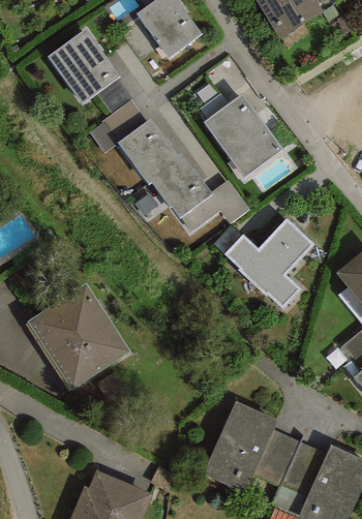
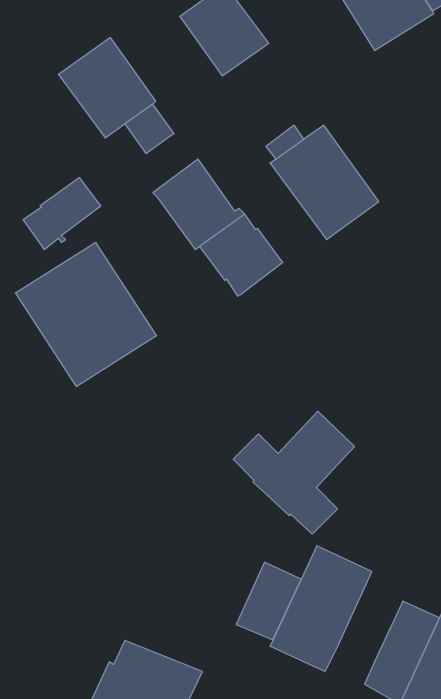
building: [89,100,146,153] -> [23,178,101,250]
building: [181,180,248,231] -> none
building: [224,218,313,308] -> [233,411,354,534]
building: [27,283,130,389] -> [15,242,157,386]
building: [252,429,300,486] -> [236,562,301,640]

